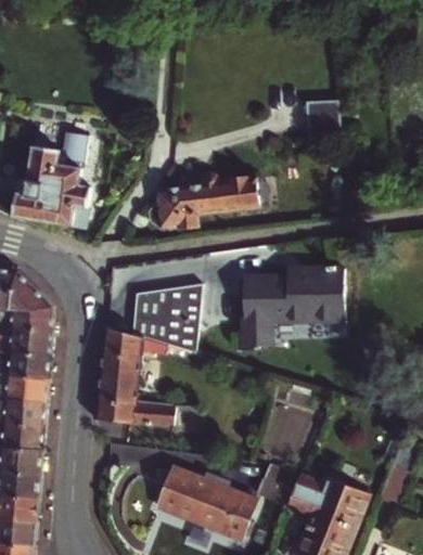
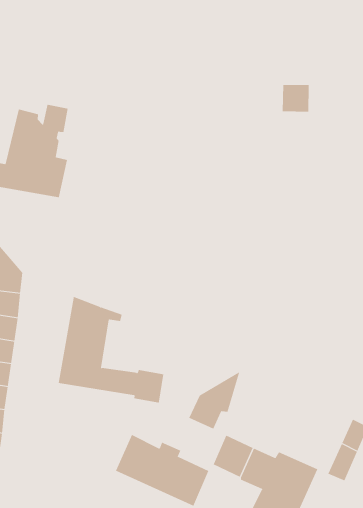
building: [146,171,270,231] -> none
building: [241,266,343,346] -> none
building: [134,286,200,357] -> none
building: none -> [189,371,240,430]

